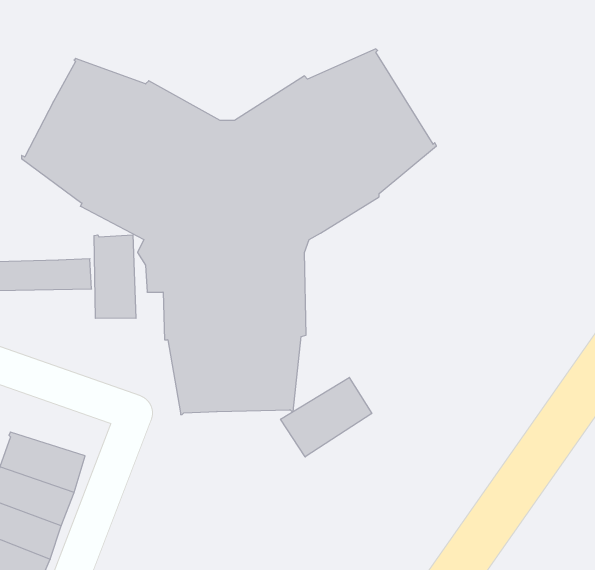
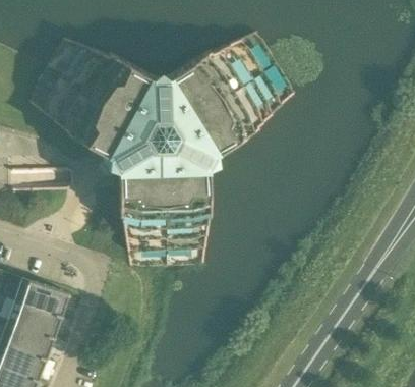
building: [94,235,136,318] -> none
building: [281,377,372,457] -> none

